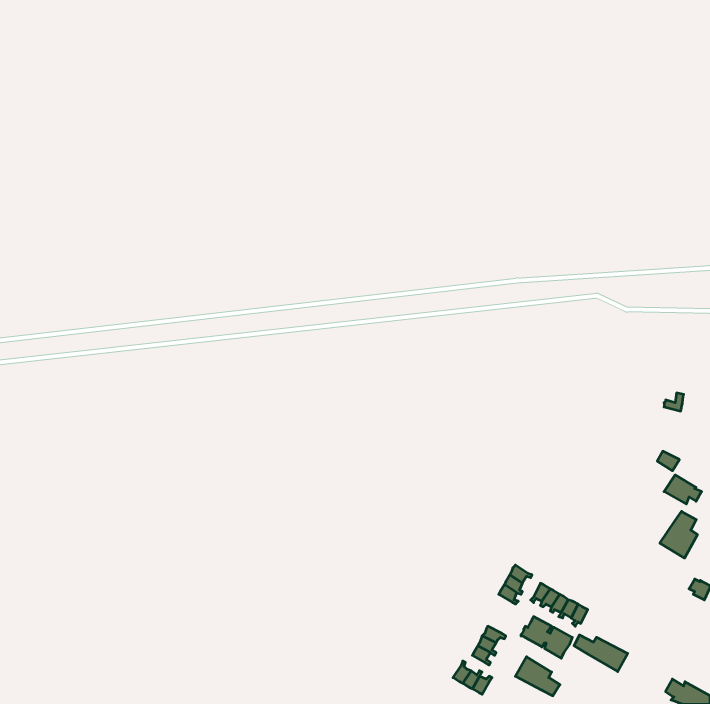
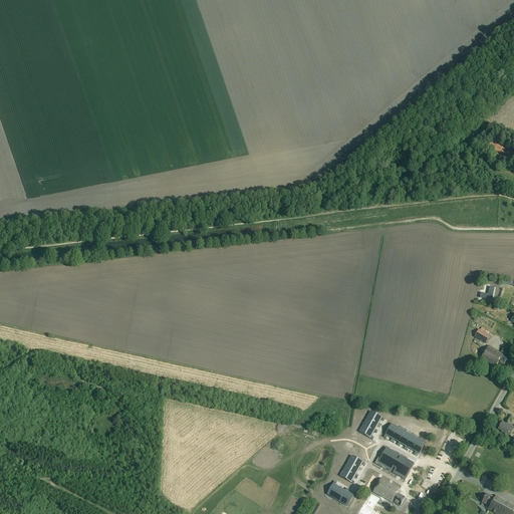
building: [660,511,697,558] -> none
building: [574,635,628,672] -> none

